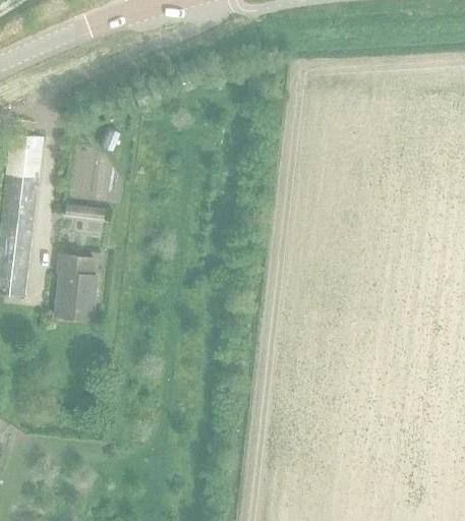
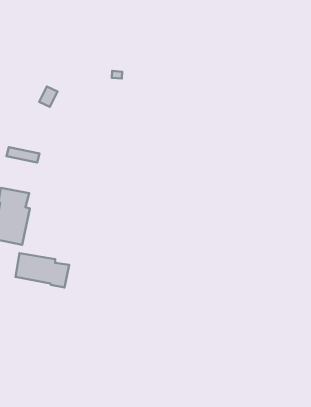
building: none -> [16,253,69,288]

